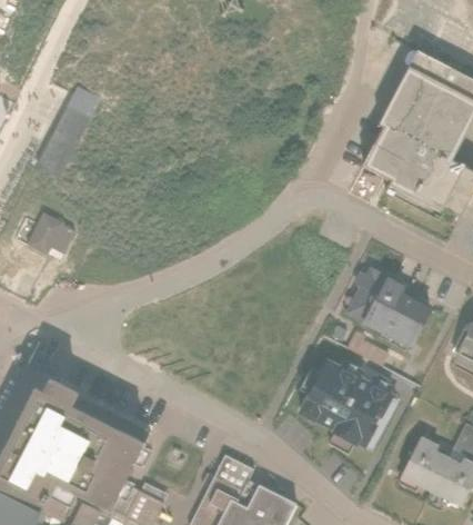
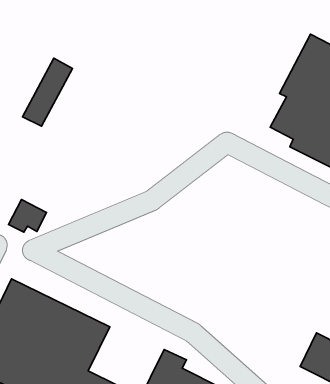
building: [28,214,77,256] -> [8,199,46,232]
building: [348,268,433,348] -> none
building: [298,357,402,455] -> none

